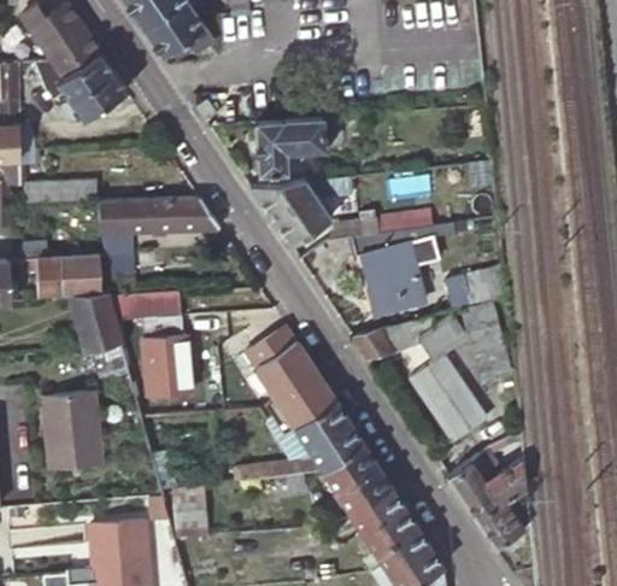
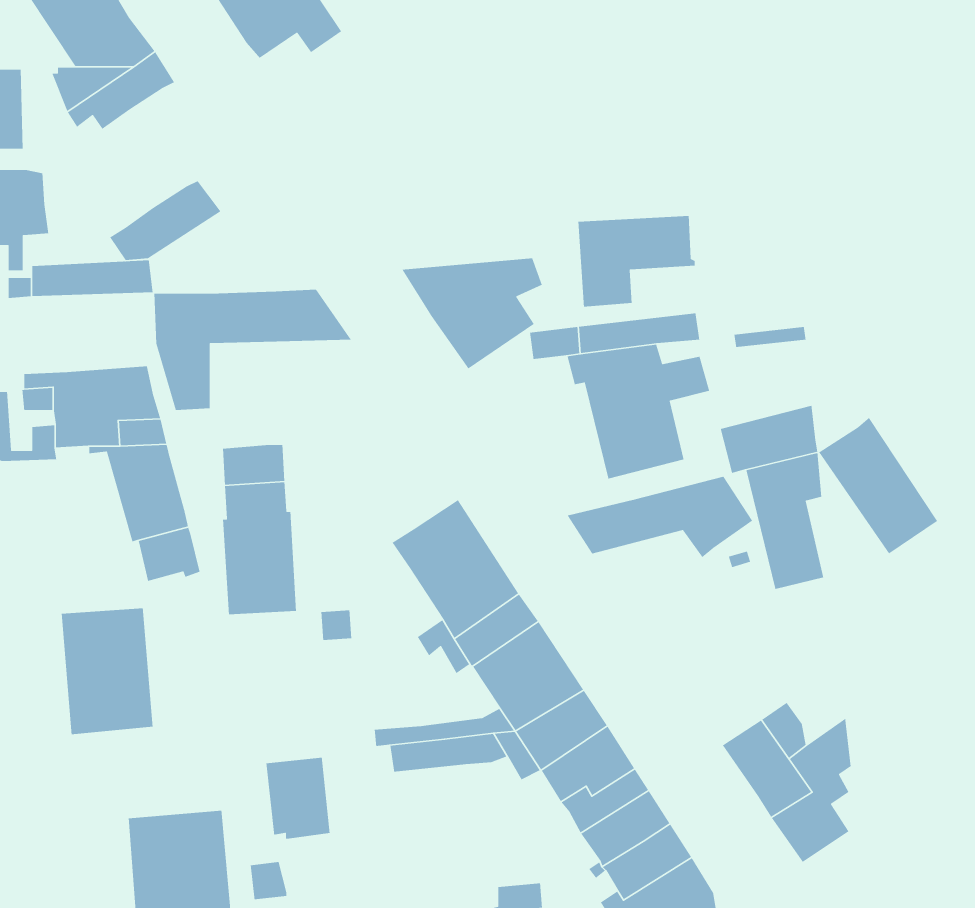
building: [58,70,127,119] -> [109,180,221,261]
building: [254,118,327,175] -> [577,215,695,308]
building: [411,356,484,440] -> [818,417,938,554]

